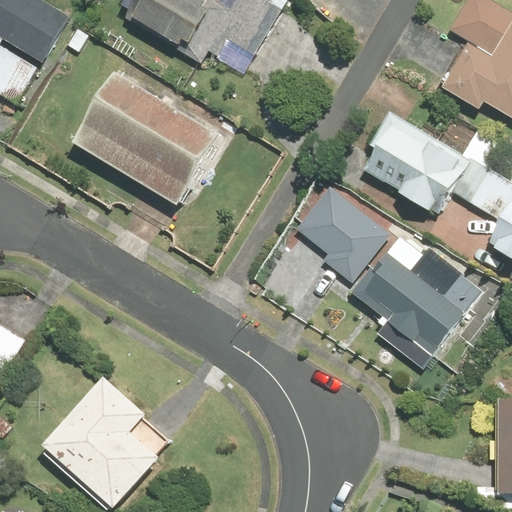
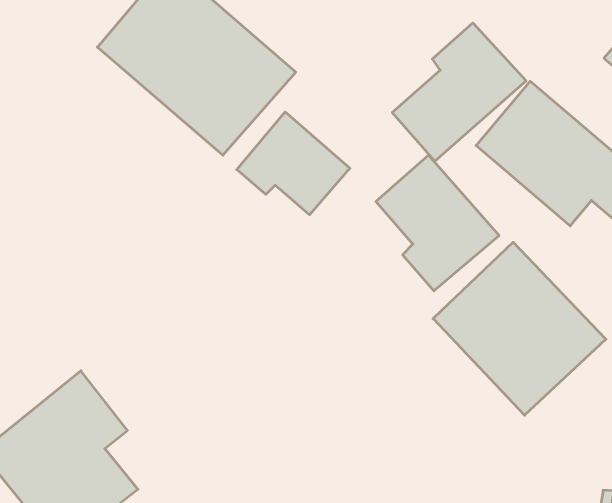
building: none -> [392,23,526,161]
building: none -> [237,112,350,215]

